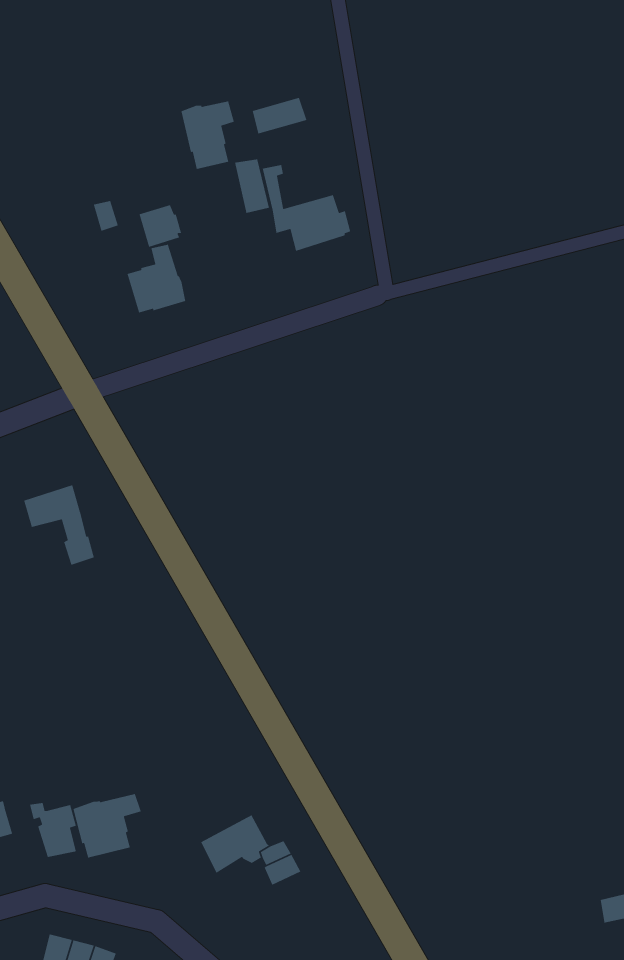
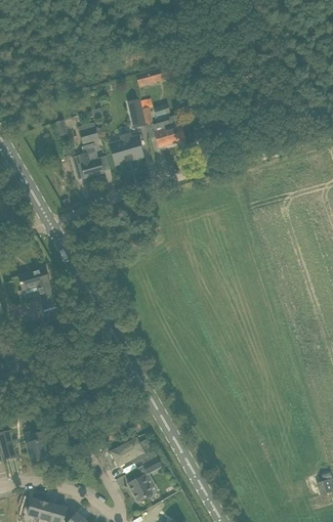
building: [181,100,235,170] -> none
building: none -> [109,134,143,166]
building: [72,793,142,859] -> none
building: none -> [127,476,153,503]

